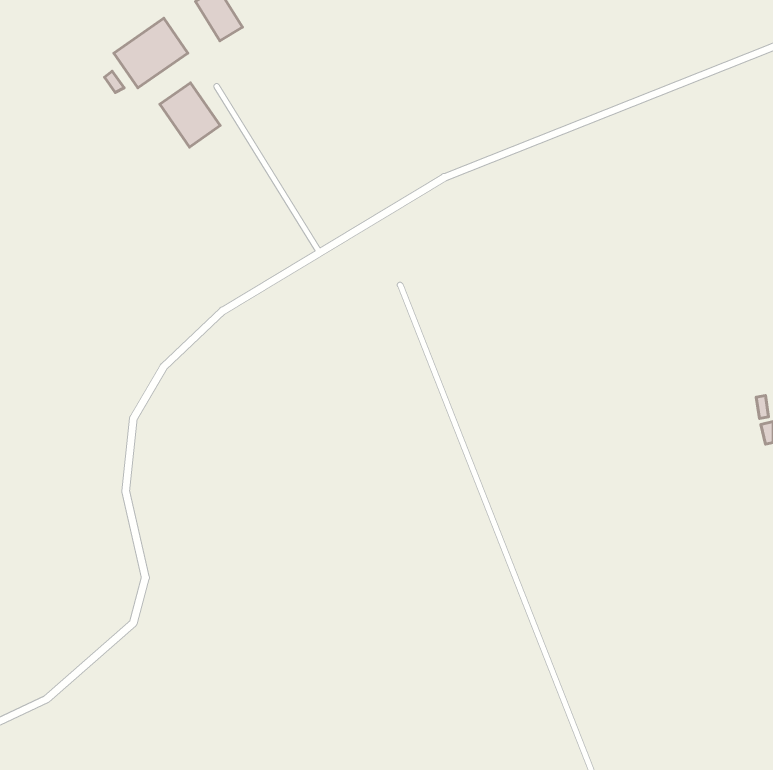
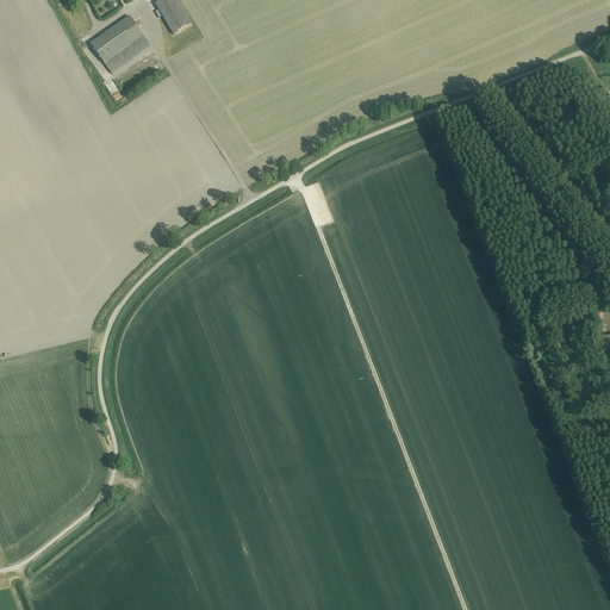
building: [160,83,220,147] -> none

